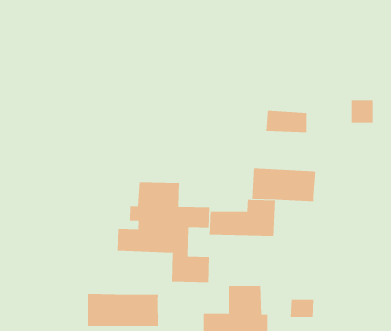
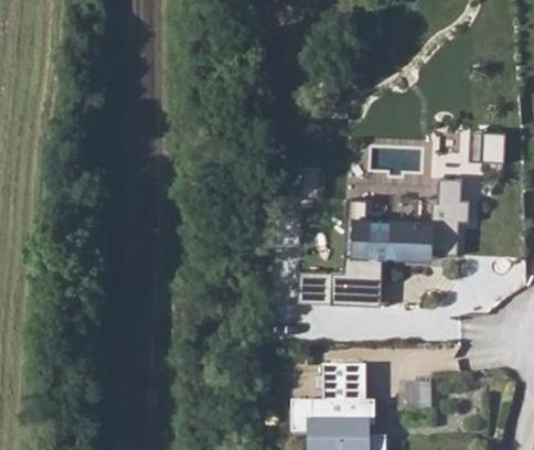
building: none -> [431,179,470,255]
building: [117,181,210,283] -> none
building: [87,293,158,327] -> none

